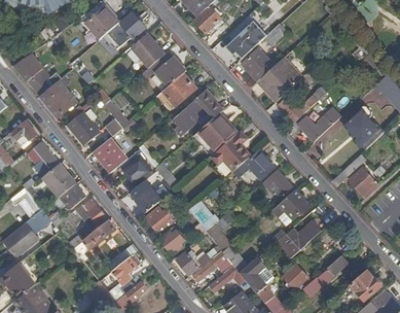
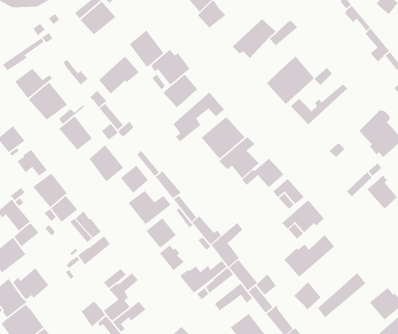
building: [107,11,145,47] -> [98,55,140,95]
building: [243,48,274,80] -> none
building: [297,107,340,141] -> none
building: none -> [12,267,49,301]

